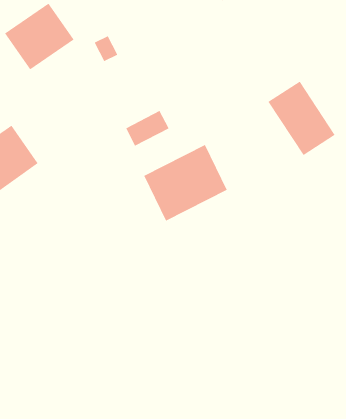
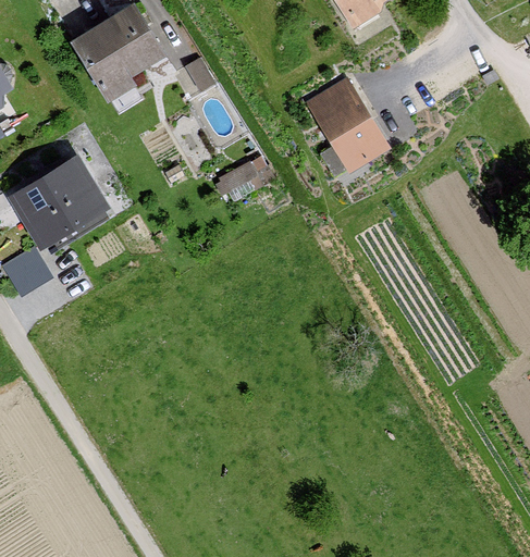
building: [268,81,336,156] -> [305,77,387,172]
building: [143,144,228,222] -> none

